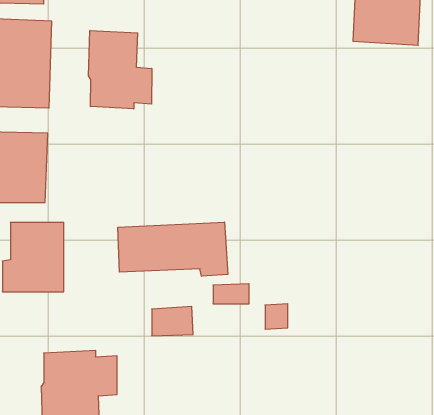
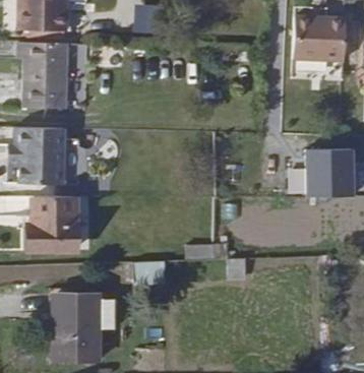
building: [89,30,152,109] -> none
building: none -> [305,149,351,196]
building: [118,222,228,276] -> none

